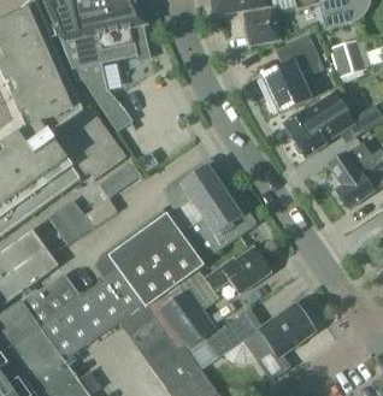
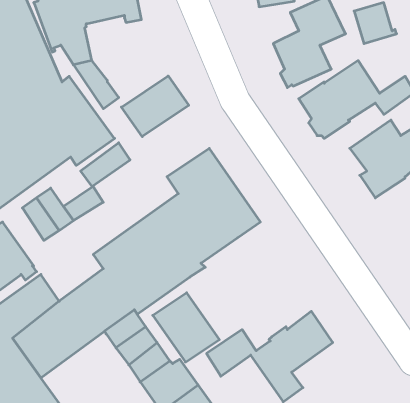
building: none -> [121,76,189,137]
building: [204,244,271,291] -> none

